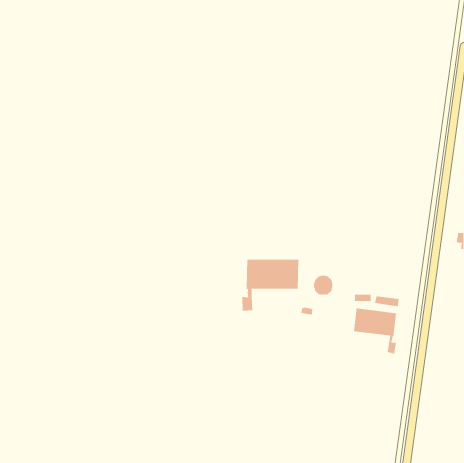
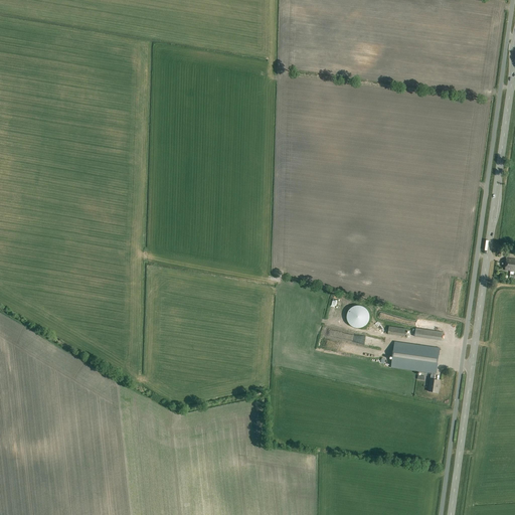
building: [242,259,299,312] -> none

